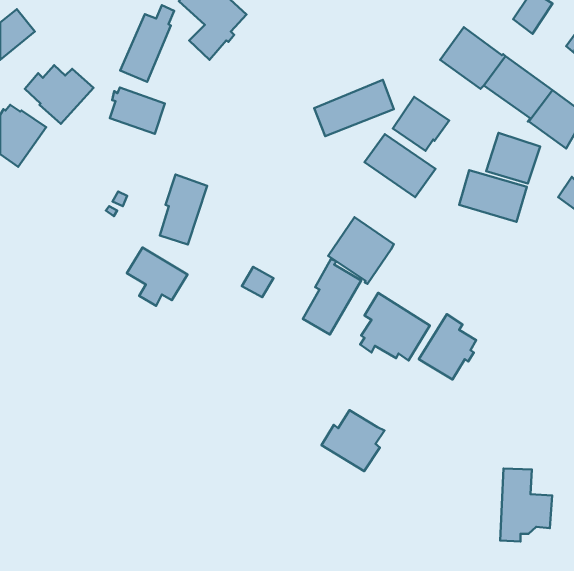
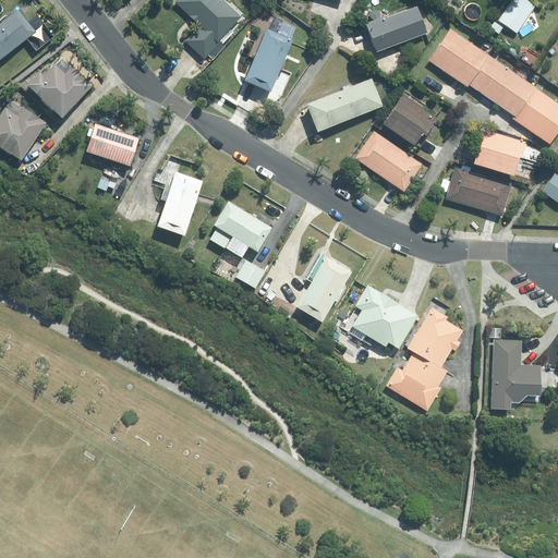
building: [120,5,174,82] -> [243,19,295,93]
building: none -> [364,5,427,52]
building: [110,88,165,134] -> [85,122,138,167]
building: [328,217,394,284] -> none
building: [127,247,188,306] -> [213,201,271,257]
building: [321,410,384,471] -> [385,351,446,410]
building: [500,468,552,542] -> [490,338,541,409]

